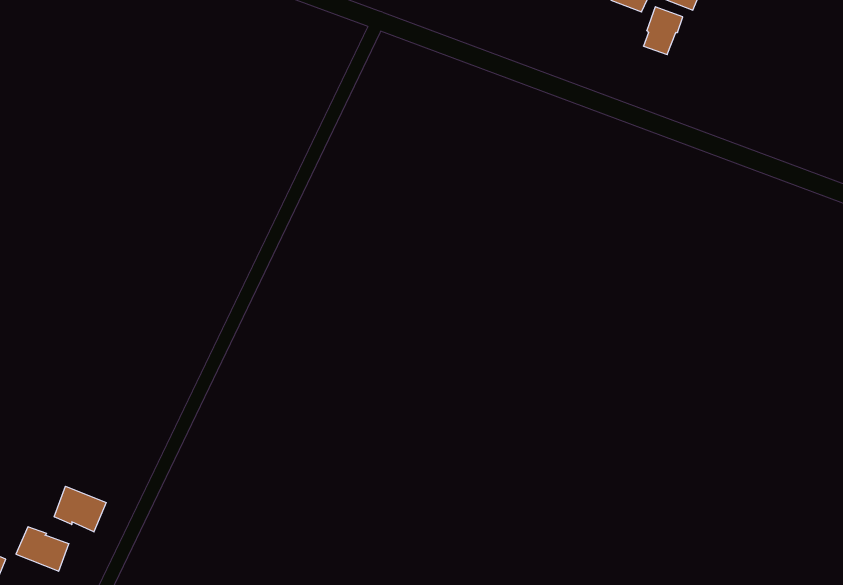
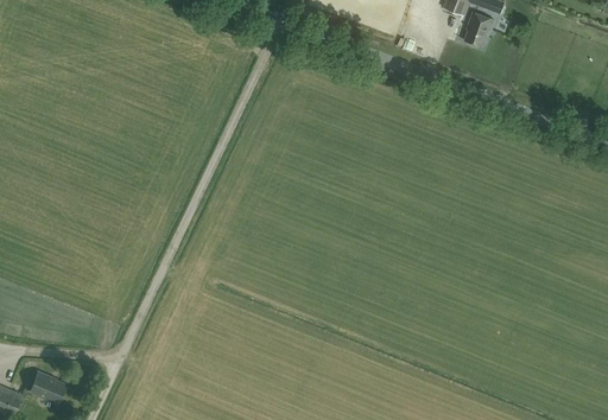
building: [54,486,106,532] -> none

